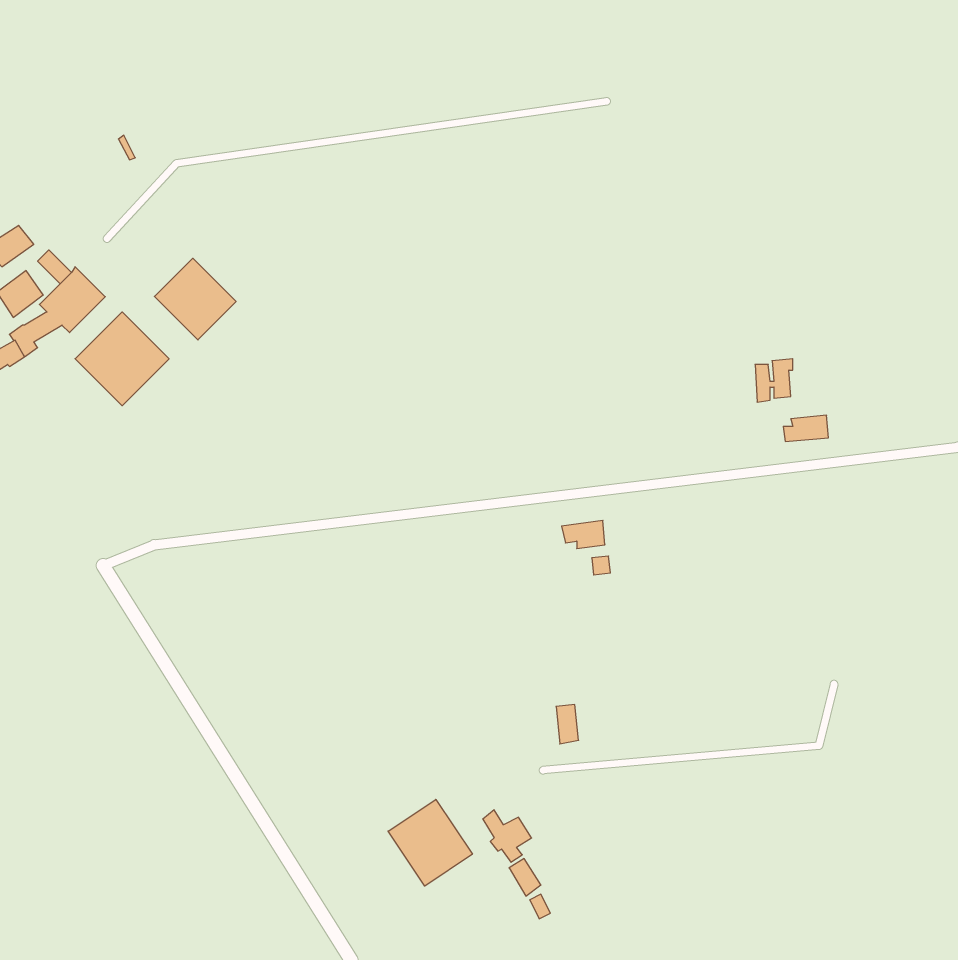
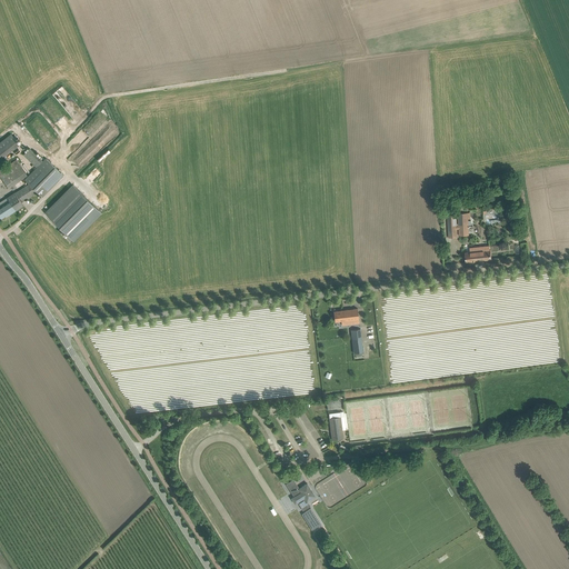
building: [154,258,236,340] -> none
building: [388,799,472,886] -> none

